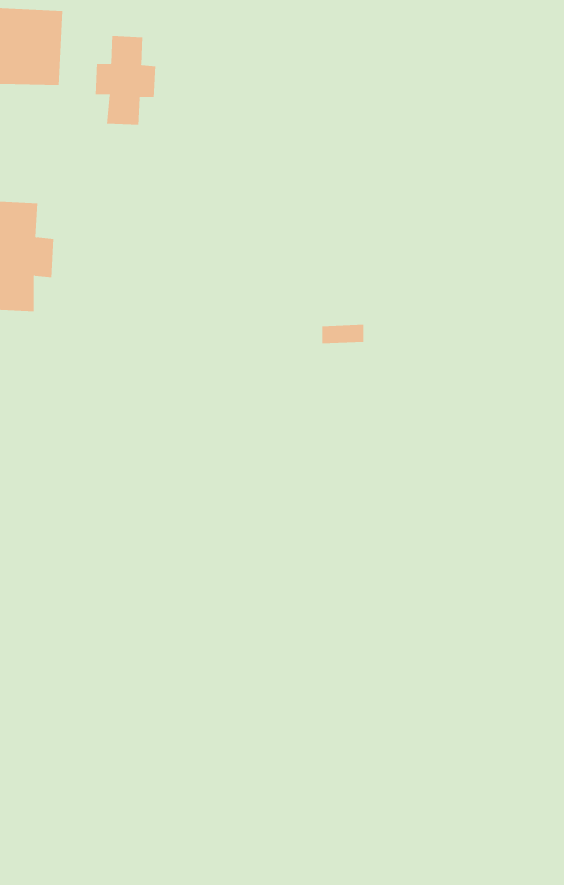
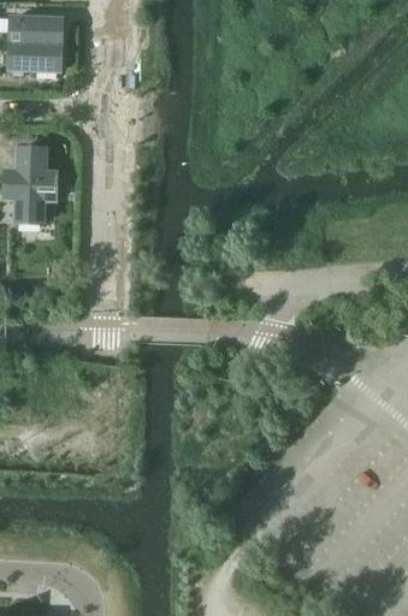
building: [95,35,156,126] -> none

